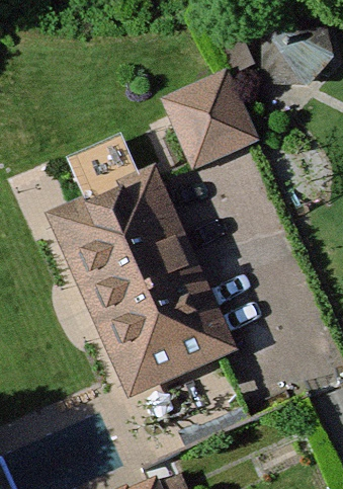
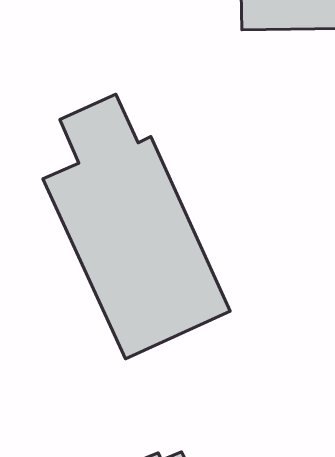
building: [169,80,253,164] -> none

